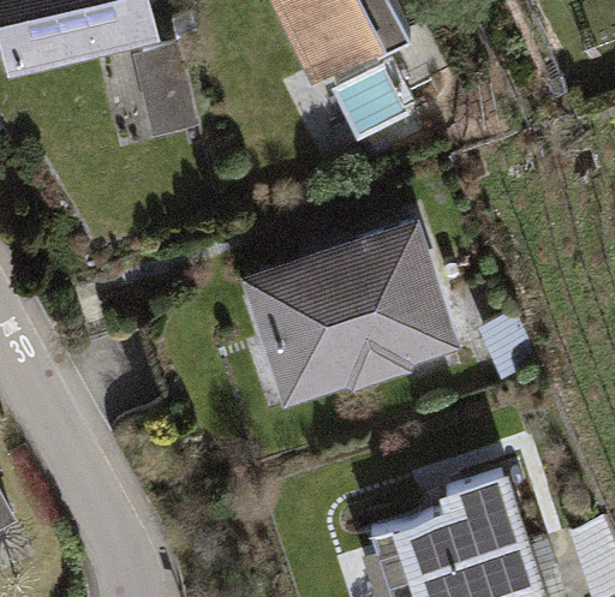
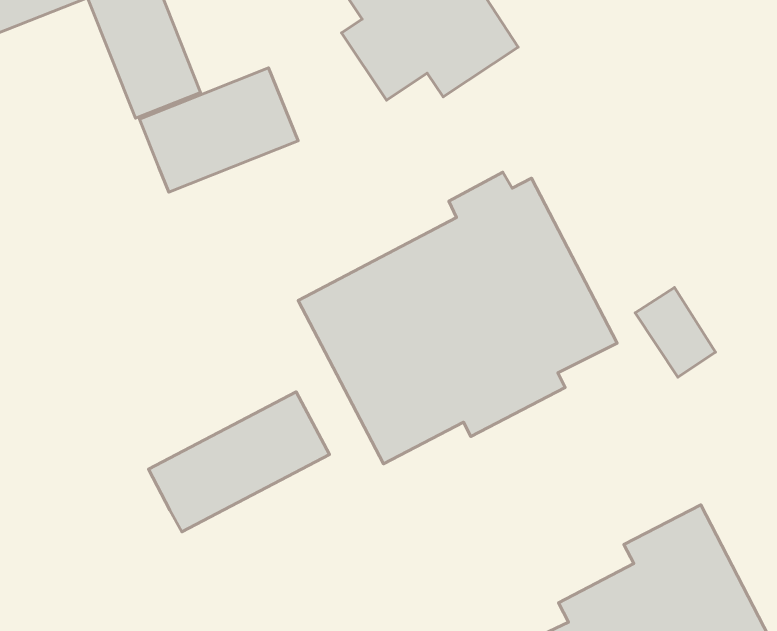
building: none -> [140,68,298,192]
building: none -> [148,392,329,532]

